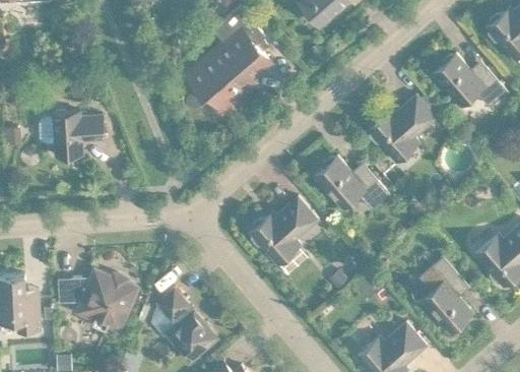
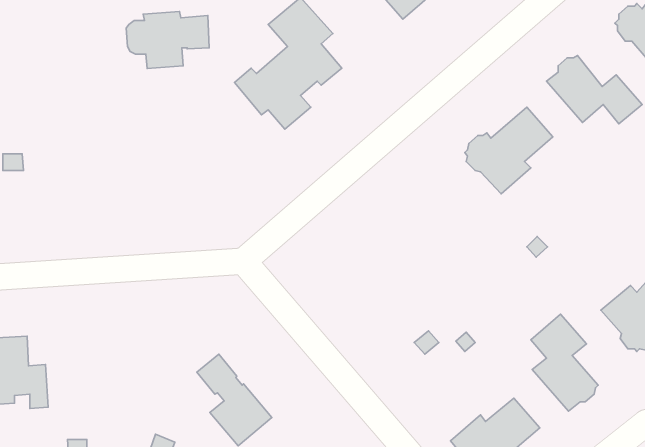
building: [39,111,104,156] -> [126,11,209,68]
building: [314,156,388,208] -> none
building: [249,196,318,264] -> none
building: [69,272,137,329] -> none

